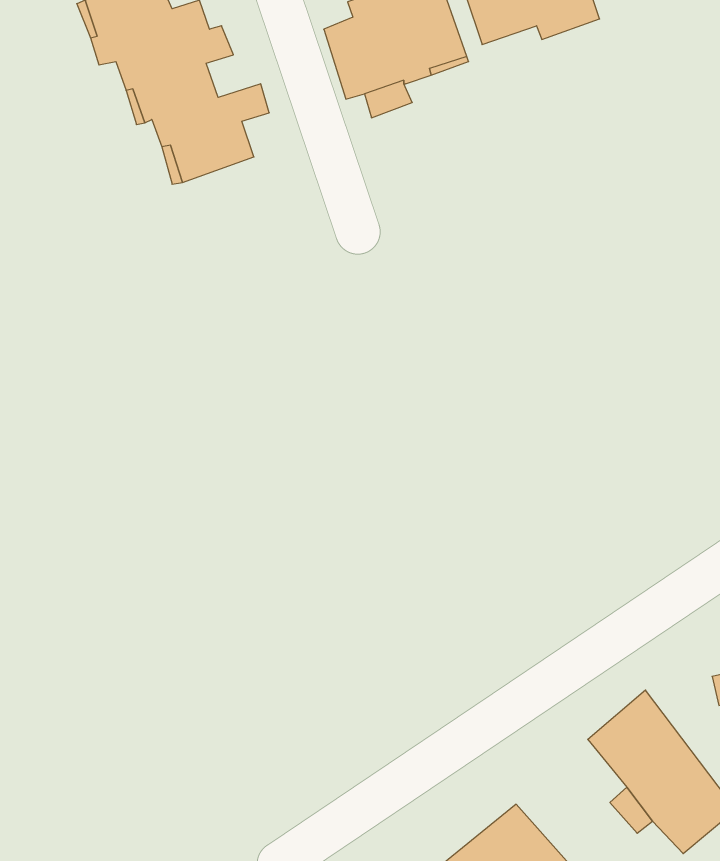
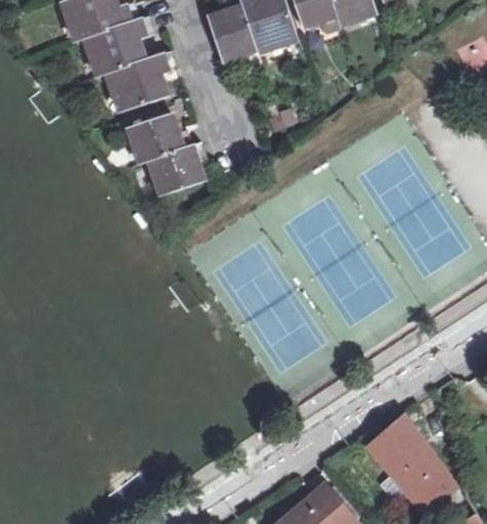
building: none -> [129,115,207,194]

